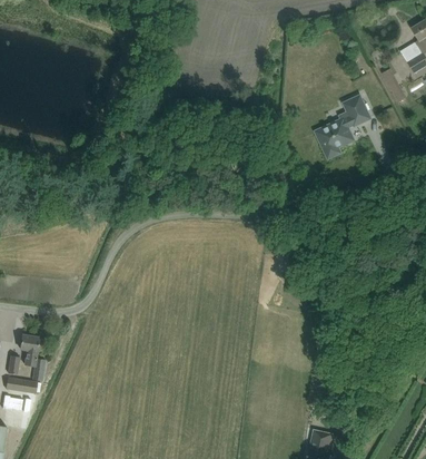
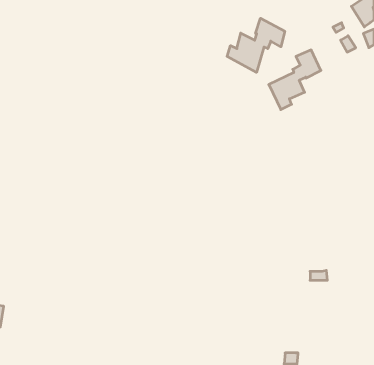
building: none -> [227,18,285,72]

